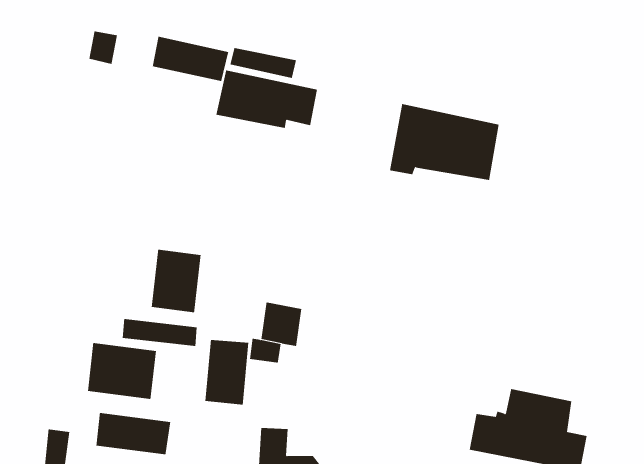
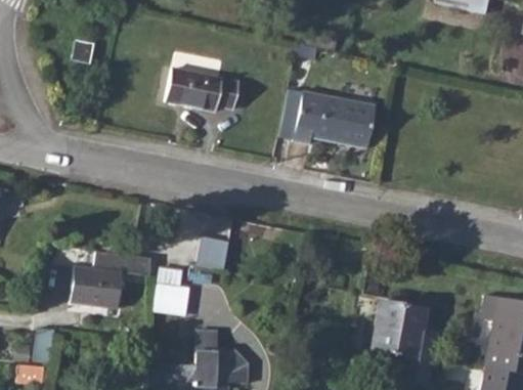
building: [152,36,229,82] -> none
building: [151,249,201,313] -> none
building: [96,412,171,455] -> none

